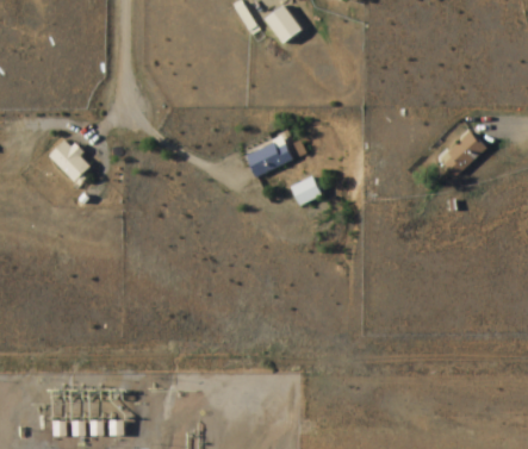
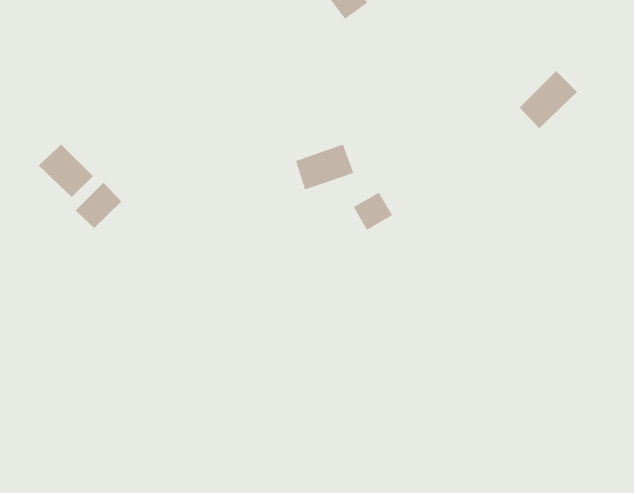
building: [440,131,485,176] -> [519,70,578,129]
building: none -> [75,182,122,229]

